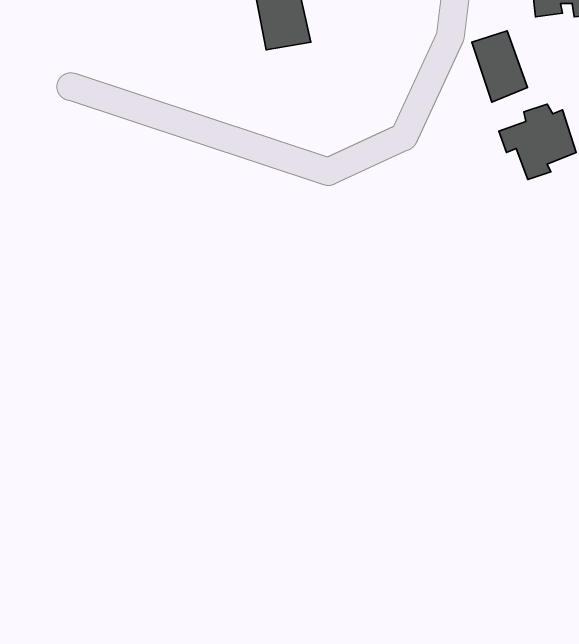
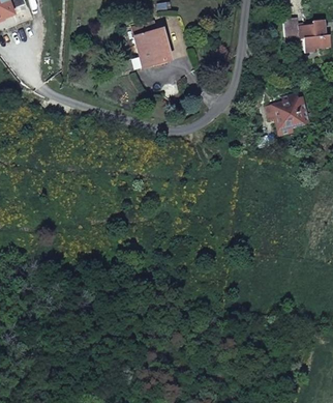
building: [472,31,527,102] -> none

